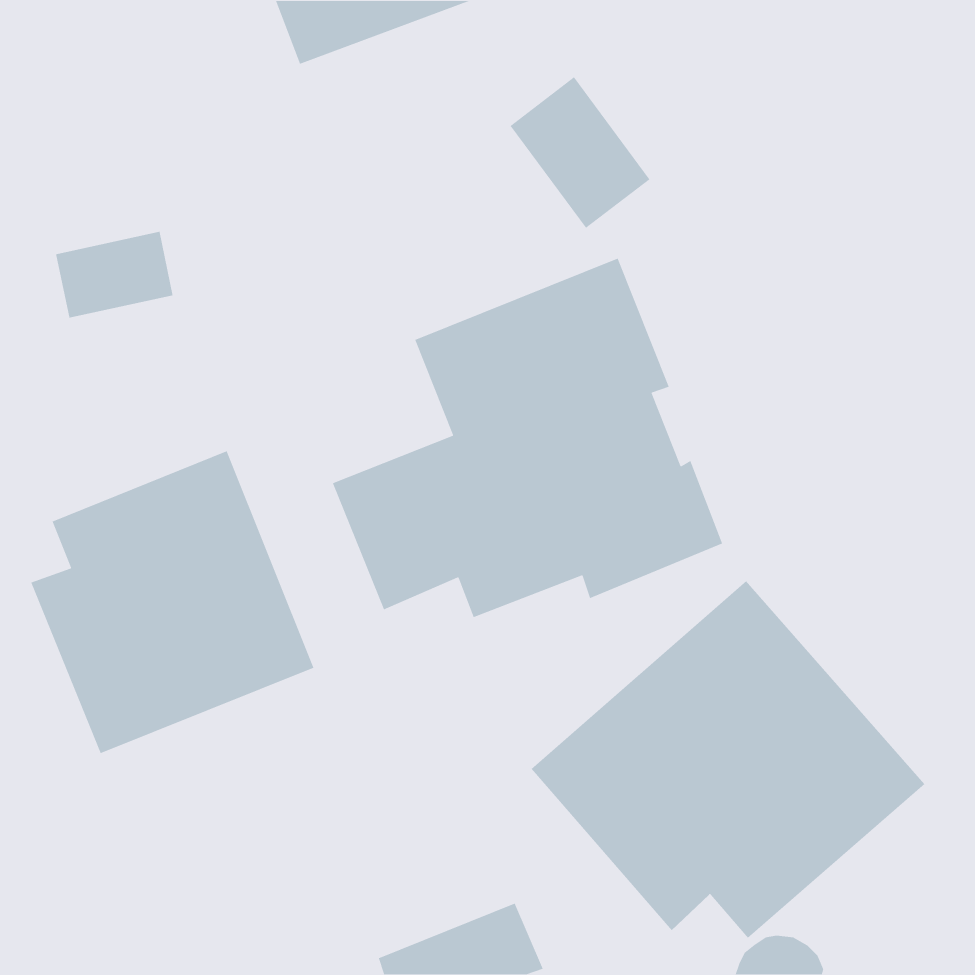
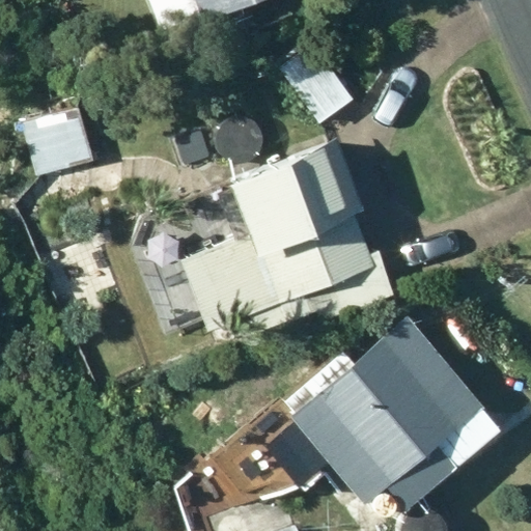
building: [30,450,315,754] -> none

